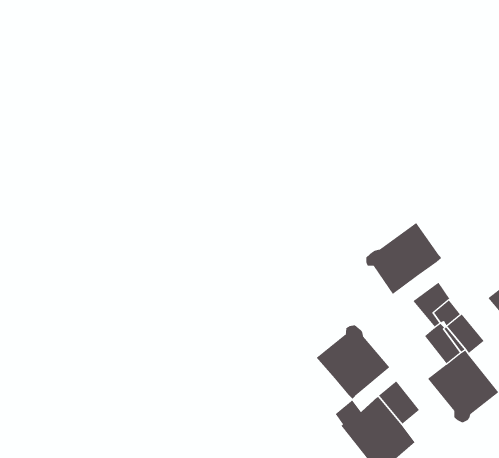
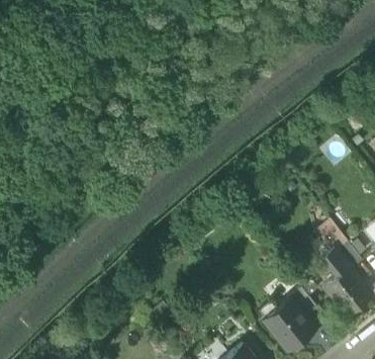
building: [366,222,442,295] -> none
building: [316,325,390,400] -> none

